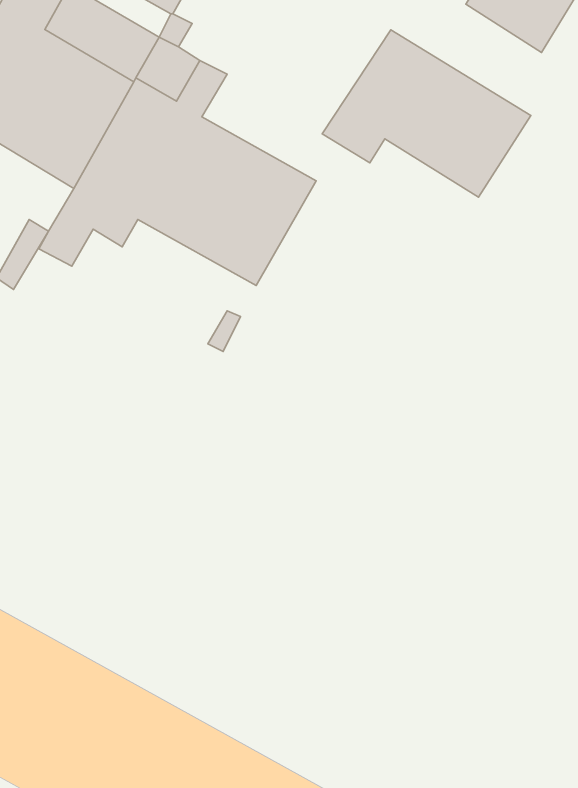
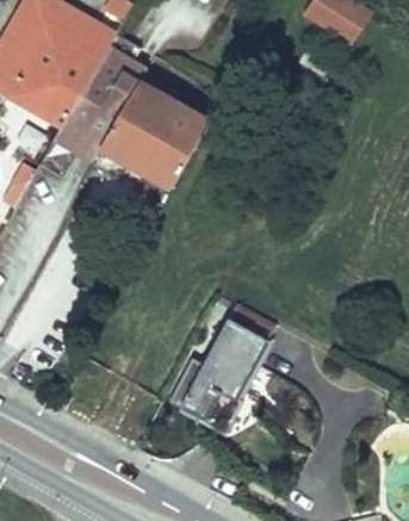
building: [322,30,531,197] -> none
building: none -> [169,321,265,429]

